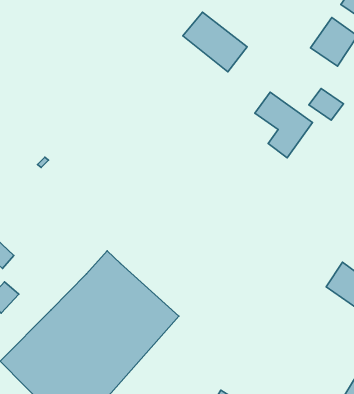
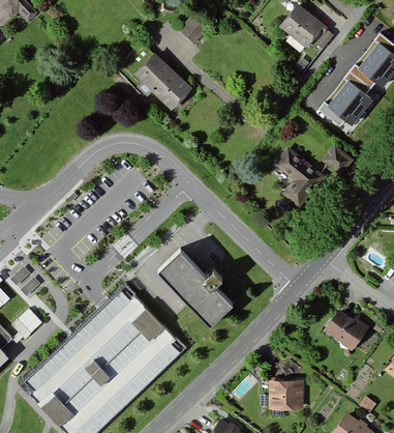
building: [183,12,247,72] -> [132,55,191,112]
building: none -> [157,248,232,324]
building: none -> [270,381,305,411]

